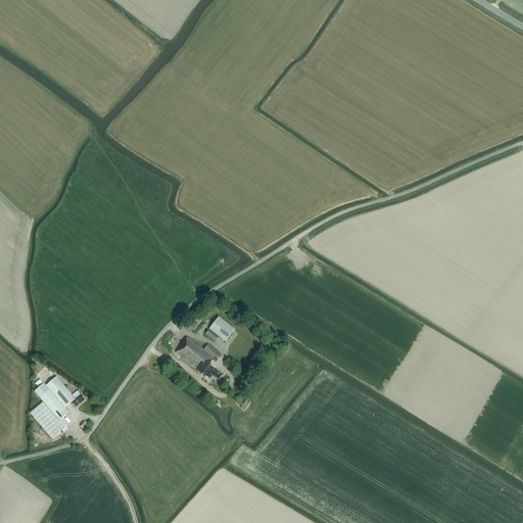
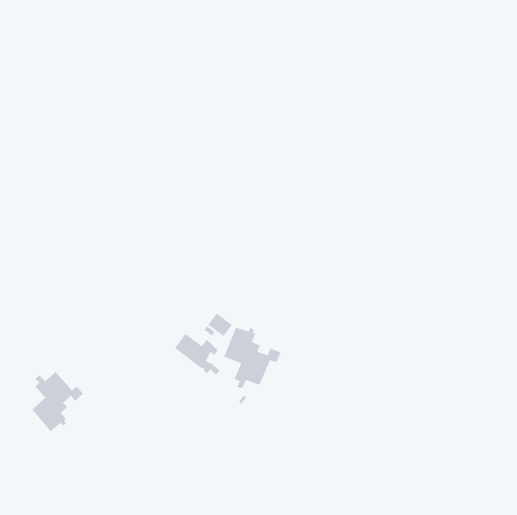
building: none -> [223,327,281,389]

